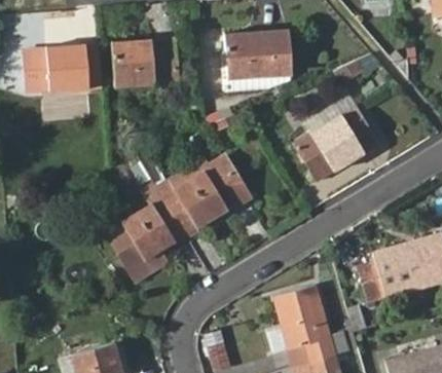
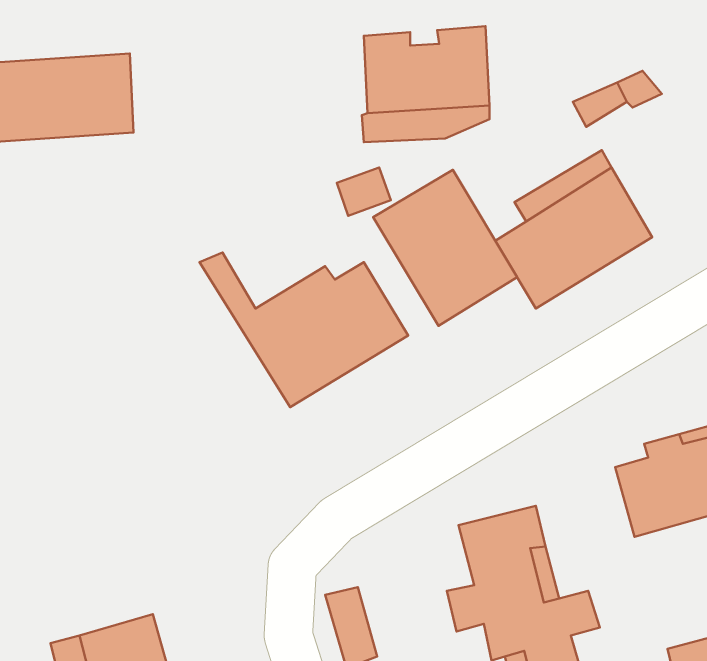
building: [112,41,176,85] -> none
building: none -> [373,170,517,326]
building: [106,181,185,279] -> none

